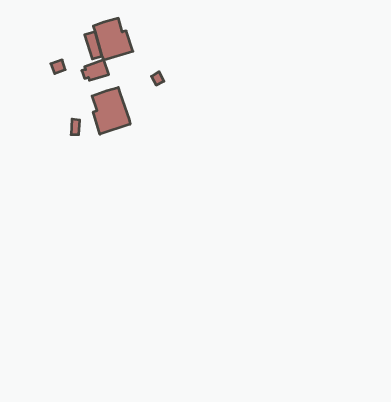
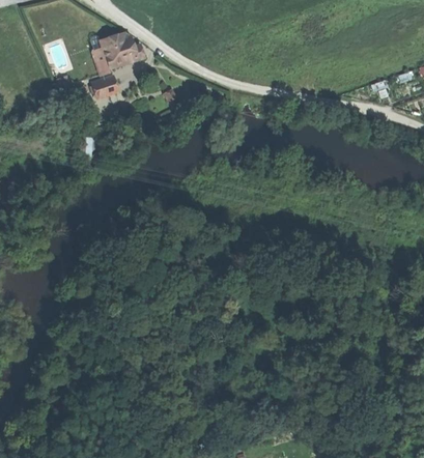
building: [92,87,130,134] -> none

